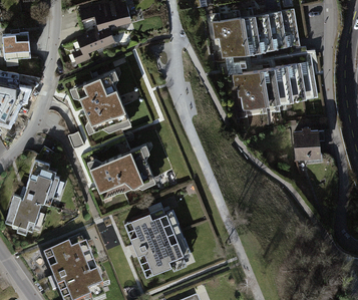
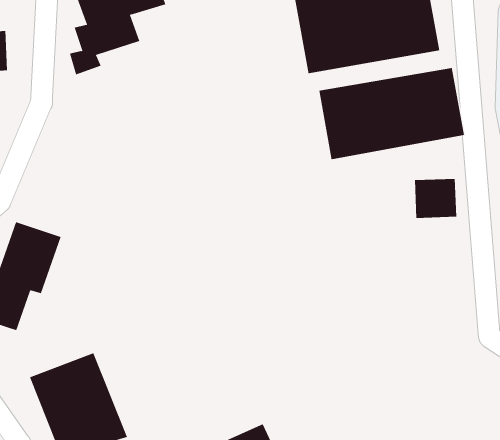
building: [70,69,132,134] -> none
building: [88,145,156,201] -> none
building: [122,210,196,280] -> none

